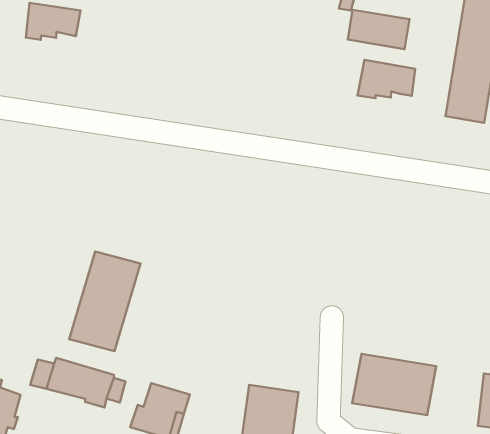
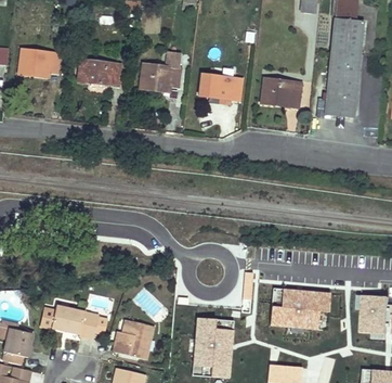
building: [348,10,409,49] -> [199,74,243,100]
building: none -> [140,50,181,90]
building: none -> [78,61,122,87]
building: [69,251,141,351] -> none

